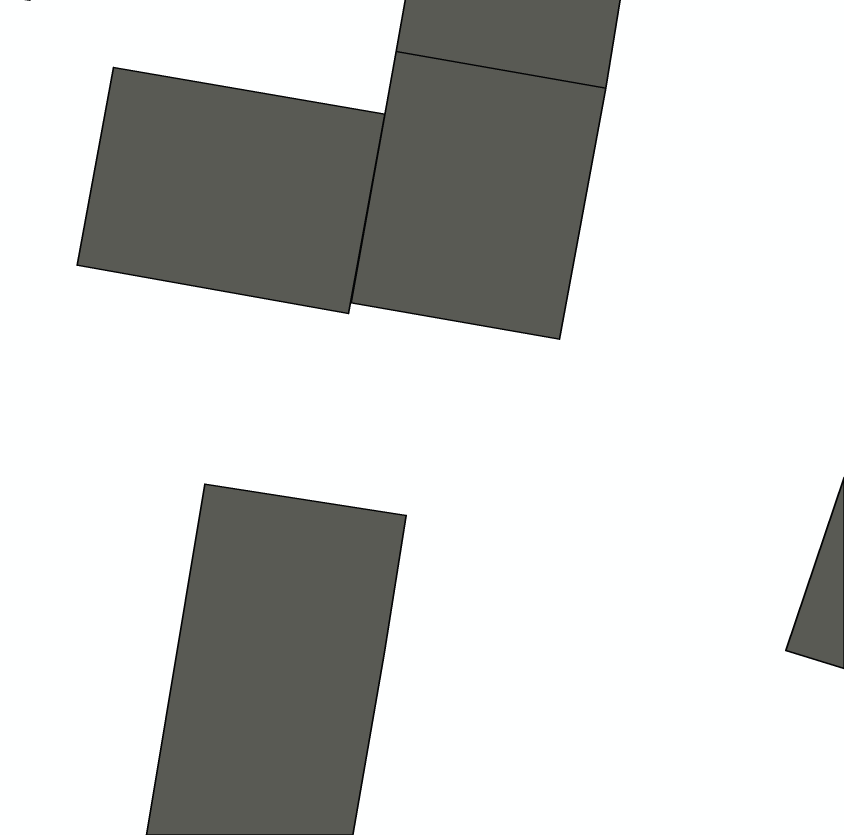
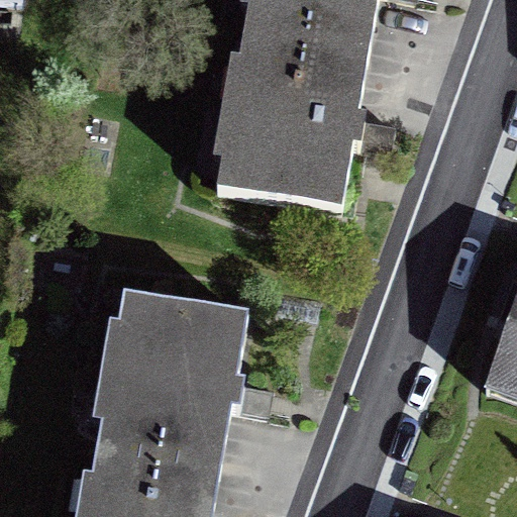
building: [77,67,385,314] -> none

